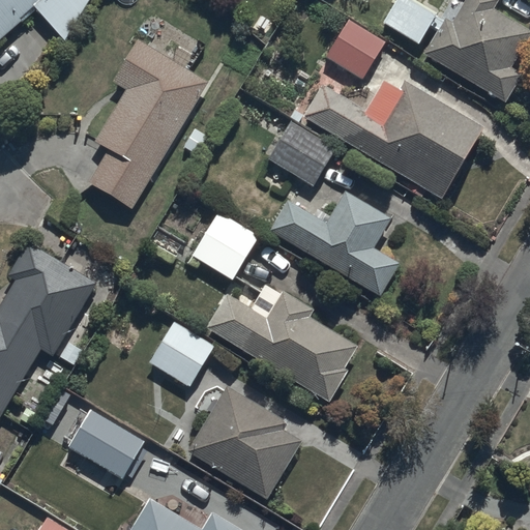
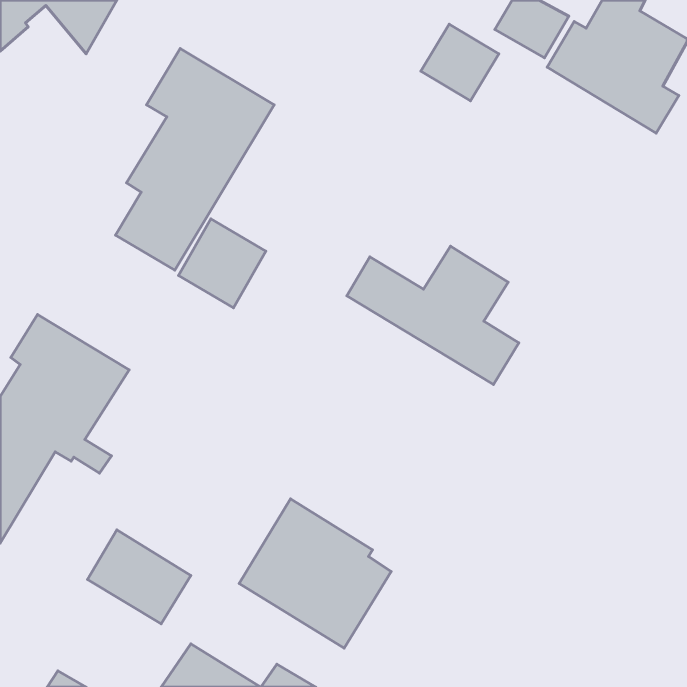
building: [301,79,483,198] -> none
building: [267,120,335,185] -> none
building: [192,211,259,279] -> [178,219,266,308]
building: [204,289,357,402] -> none
building: [148,321,215,389] -> none

